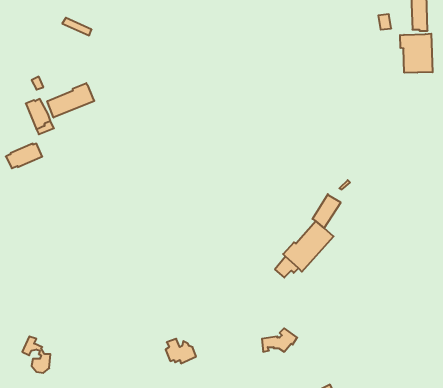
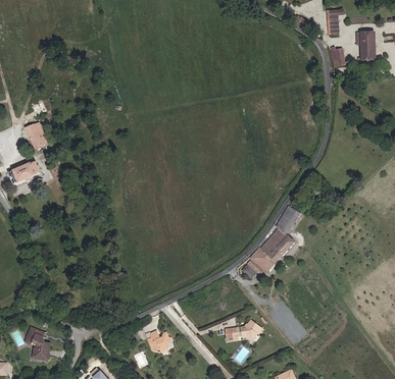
building: [400,34,433,73] -> none
building: [47,83,94,118] -> none

